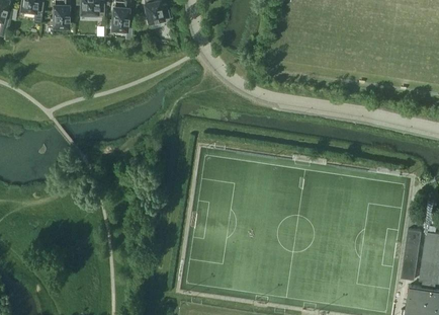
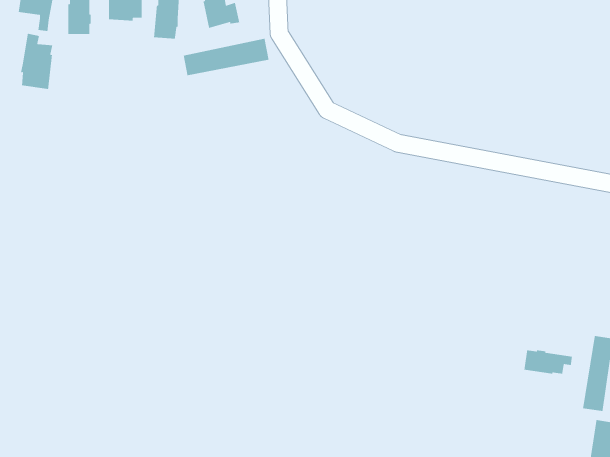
building: none -> [20,33,53,90]
building: none -> [183,38,270,76]
building: none -> [524,349,573,375]

